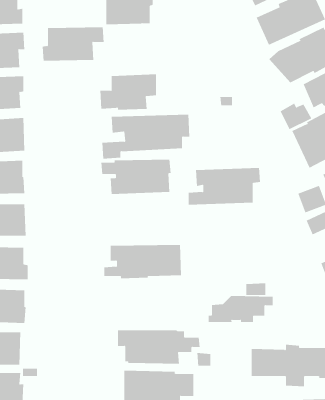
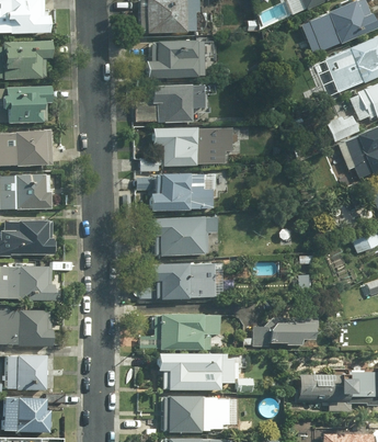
building: [42,27,105,61] -> [141,41,207,77]
building: [188,168,261,205] -> [134,216,210,256]
building: none -> [138,314,216,350]

